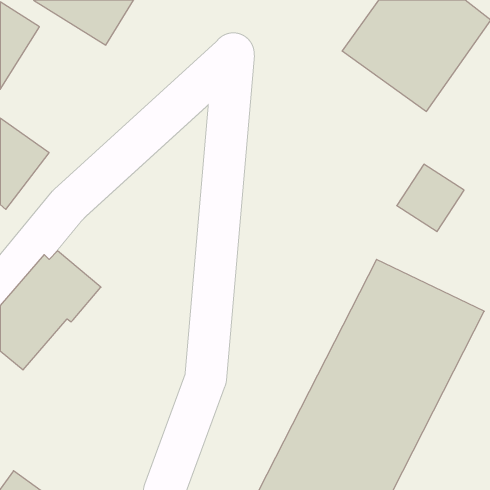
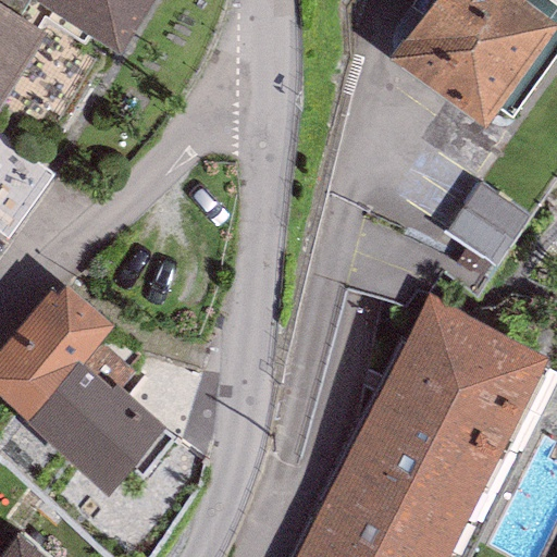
building: none -> [24,362,183,494]

